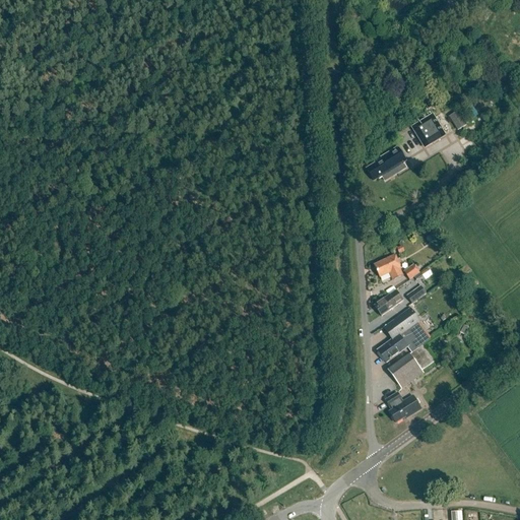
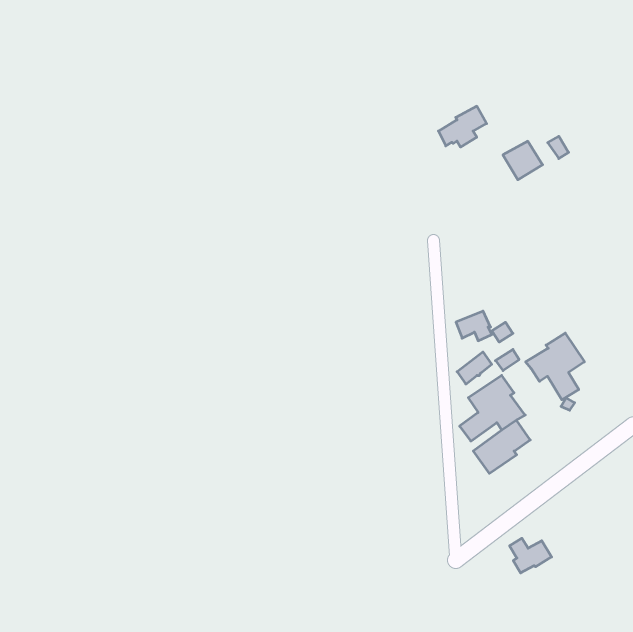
building: [367,147,406,181] -> [438,106,487,147]
building: none -> [526,333,584,400]
building: [386,393,420,421] -> [510,538,552,573]

